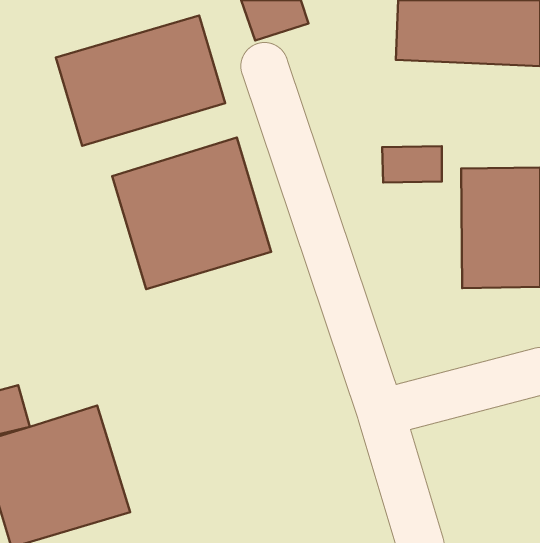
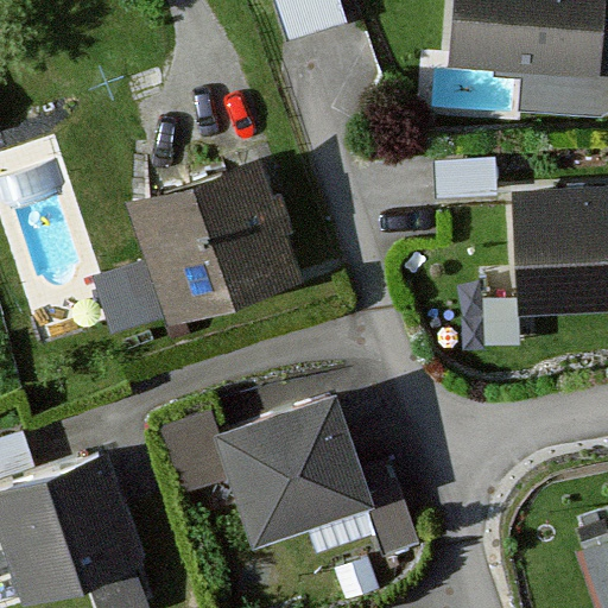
building: [56,15,225,146] -> none
building: none -> [218,399,381,549]

